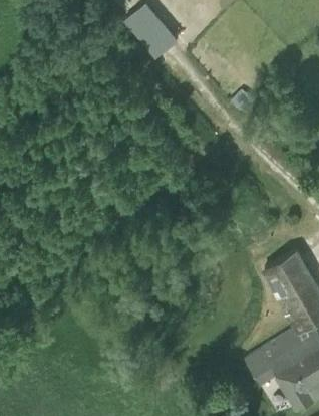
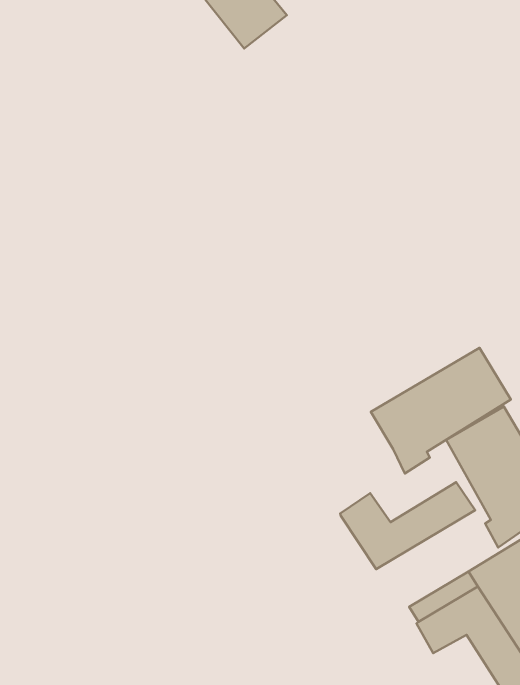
building: none -> [371,348,511,473]
building: none -> [340,482,475,569]

